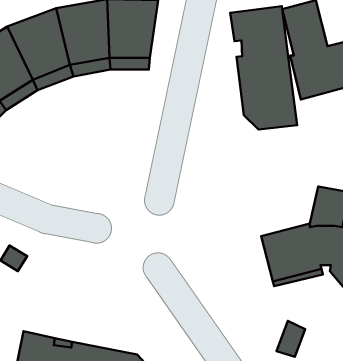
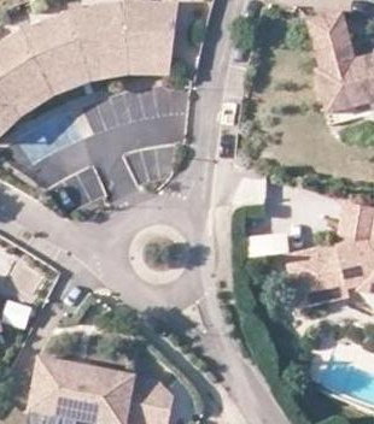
building: [230,6,297,129] -> none

